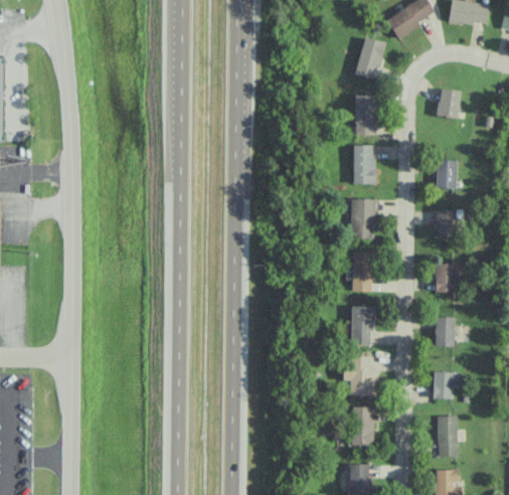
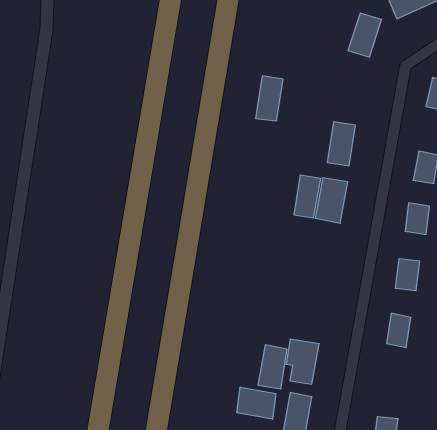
building: [355,95,375,136] -> [256,76,283,121]
building: [353,254,373,292] -> [294,175,321,218]
building: [351,306,373,345] -> [258,345,287,389]
building: [433,372,462,399] -> none
building: none -> [237,387,276,419]

